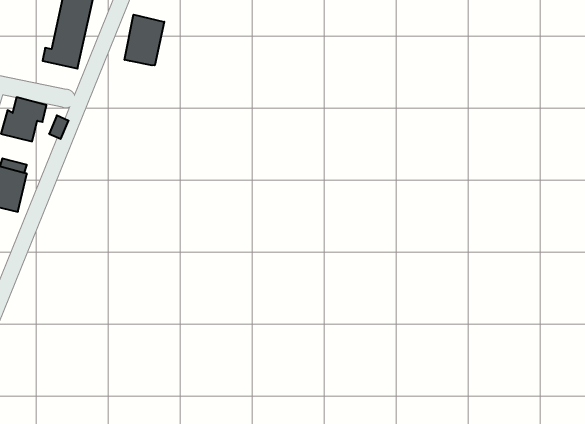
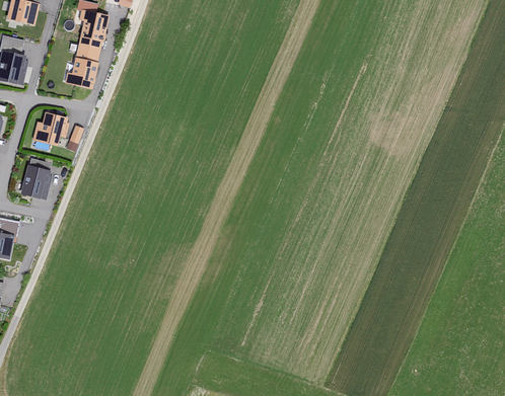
building: [125,15,164,65] -> none

